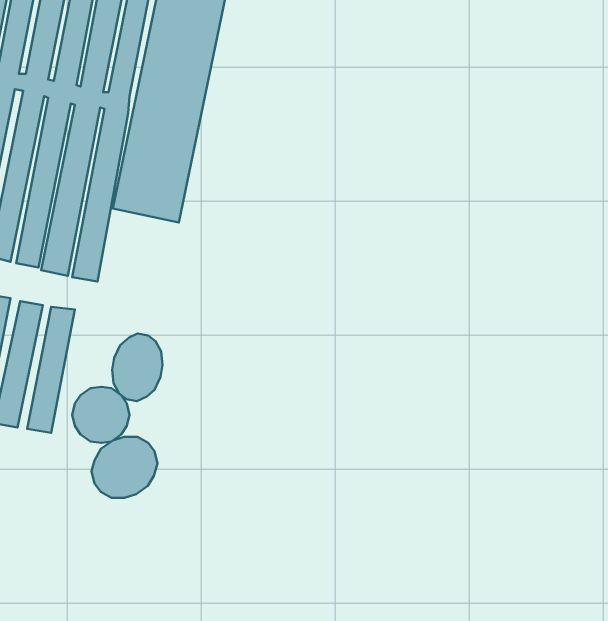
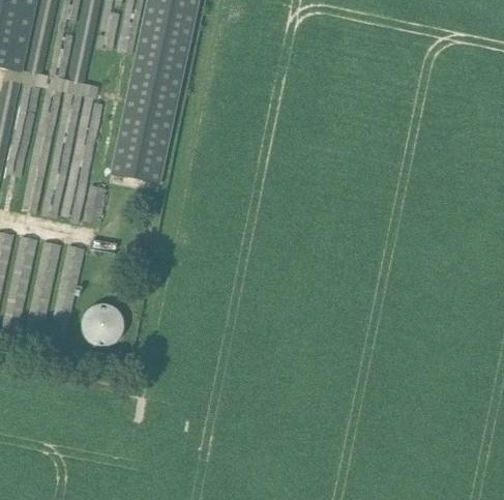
building: [112,333,162,401] -> none
building: [91,437,157,498] -> none

